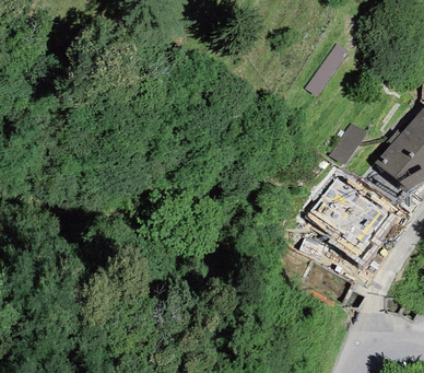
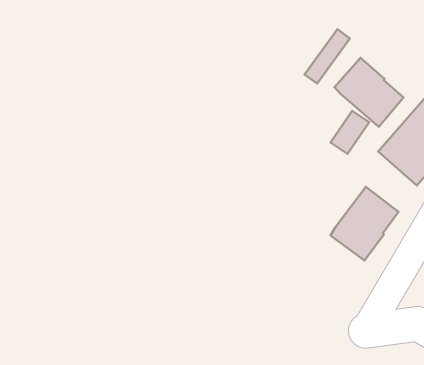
building: none -> [335,58,404,127]
building: [307,176,363,235] -> none

